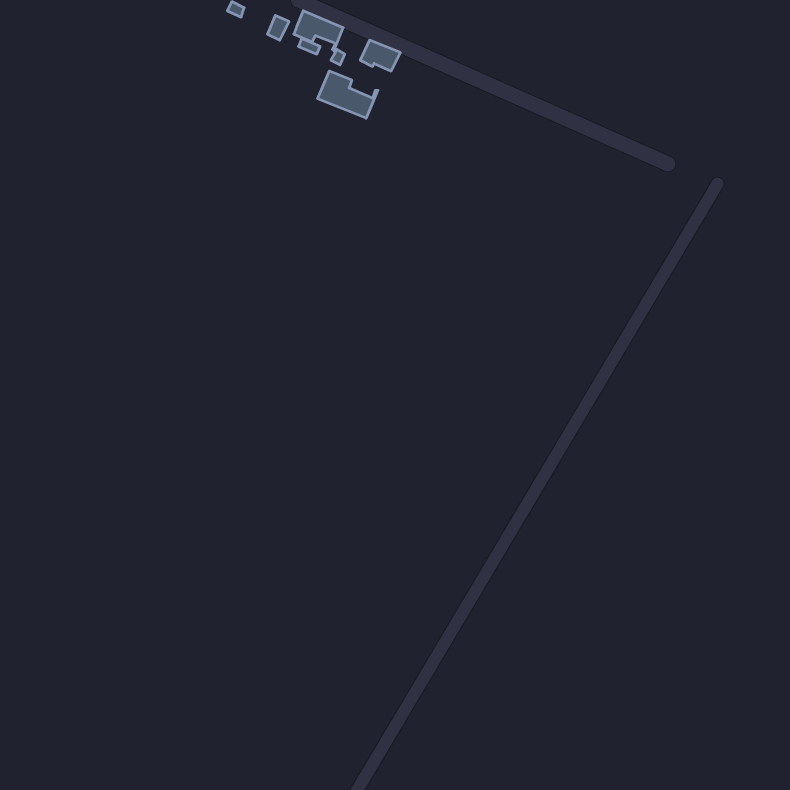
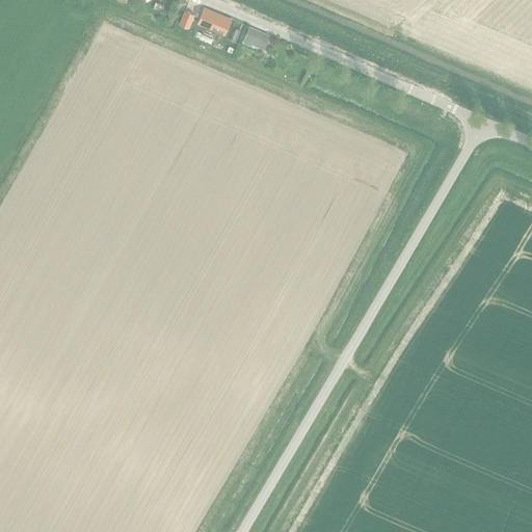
building: [318,71,378,118] -> none

